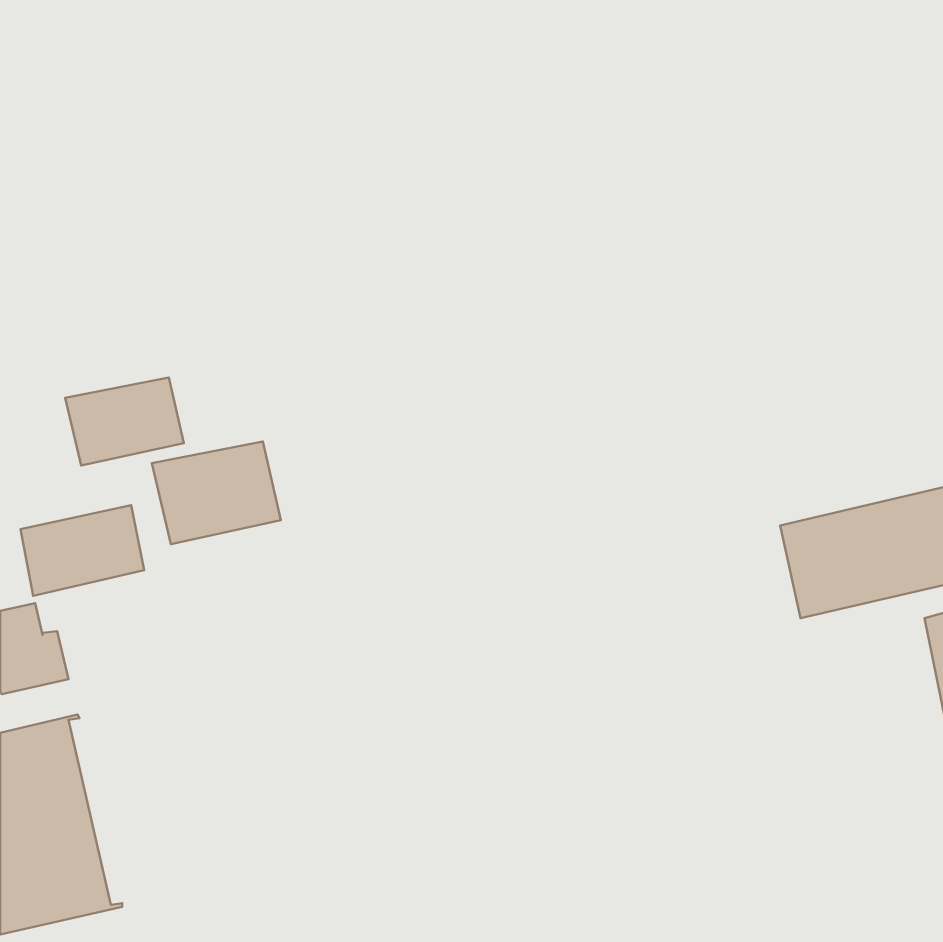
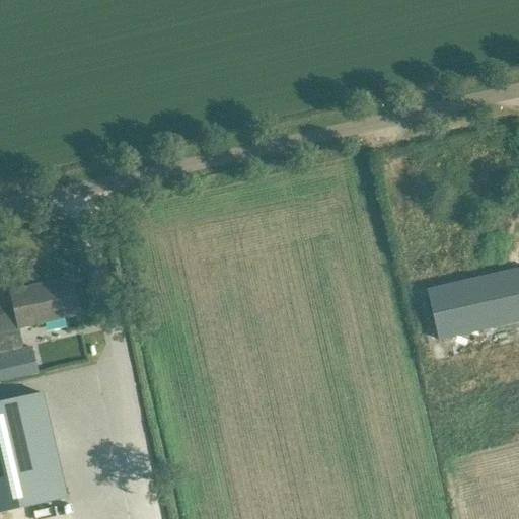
building: [65,377,184,465] -> none
building: [152,442,281,544] -> none

